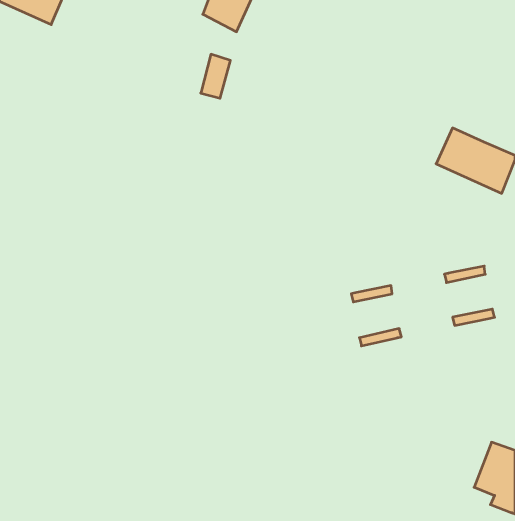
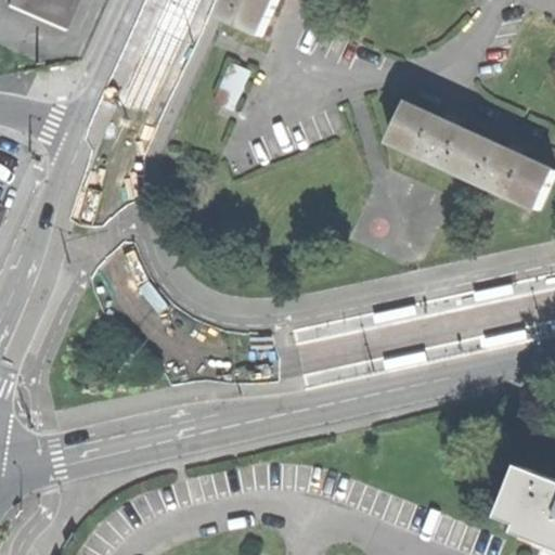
building: none -> [384,101,479,173]

